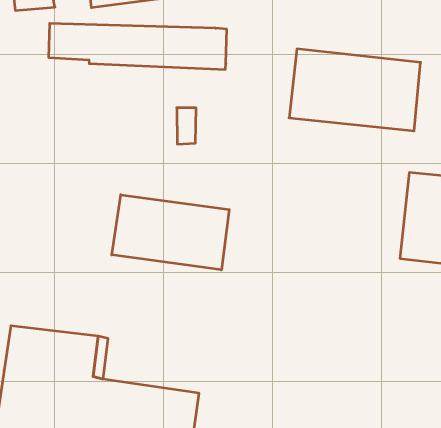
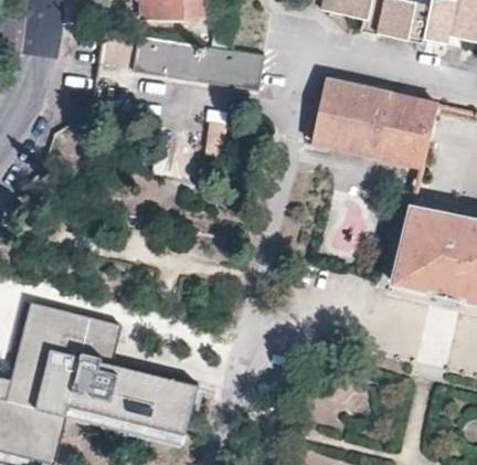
building: [112,195,229,270] -> none

